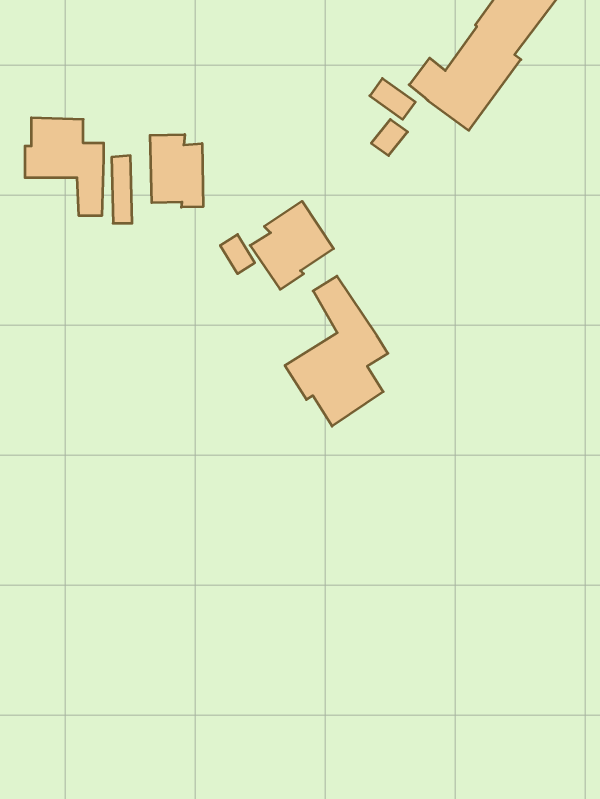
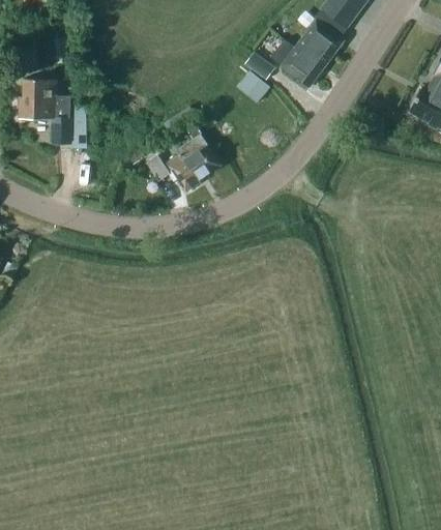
building: [150,134,203,207] -> none
building: [285,276,388,426] -> none

